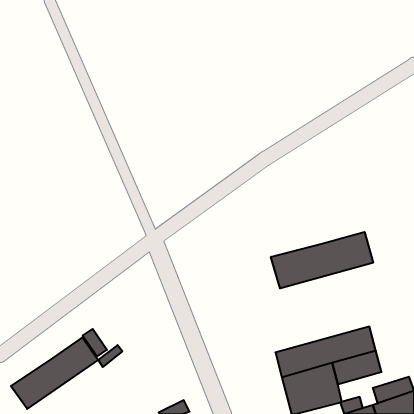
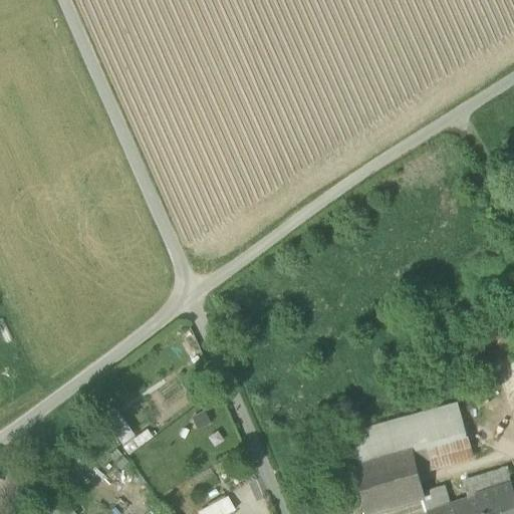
building: [271,232,373,288] -> none
building: [11,338,98,409] -> none

